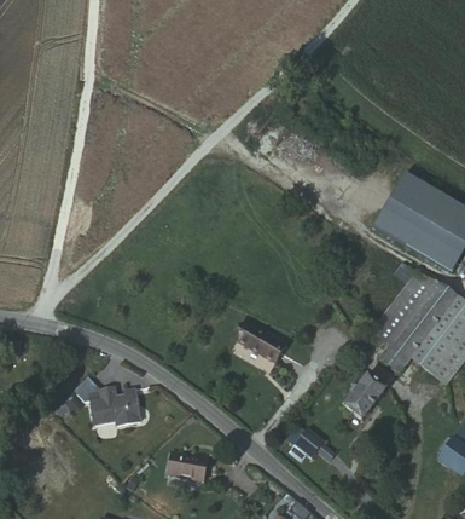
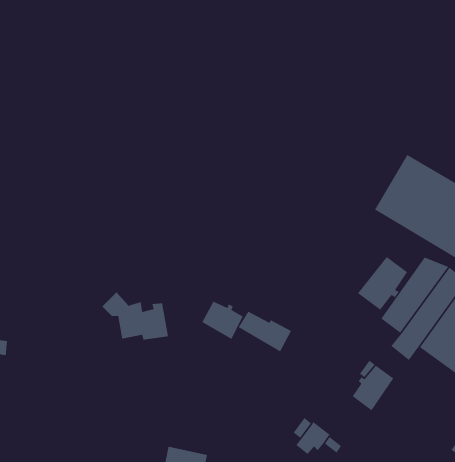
building: none -> [357,256,408,310]
building: none -> [202,301,244,340]
building: [71,385,136,432] -> [101,291,169,340]

